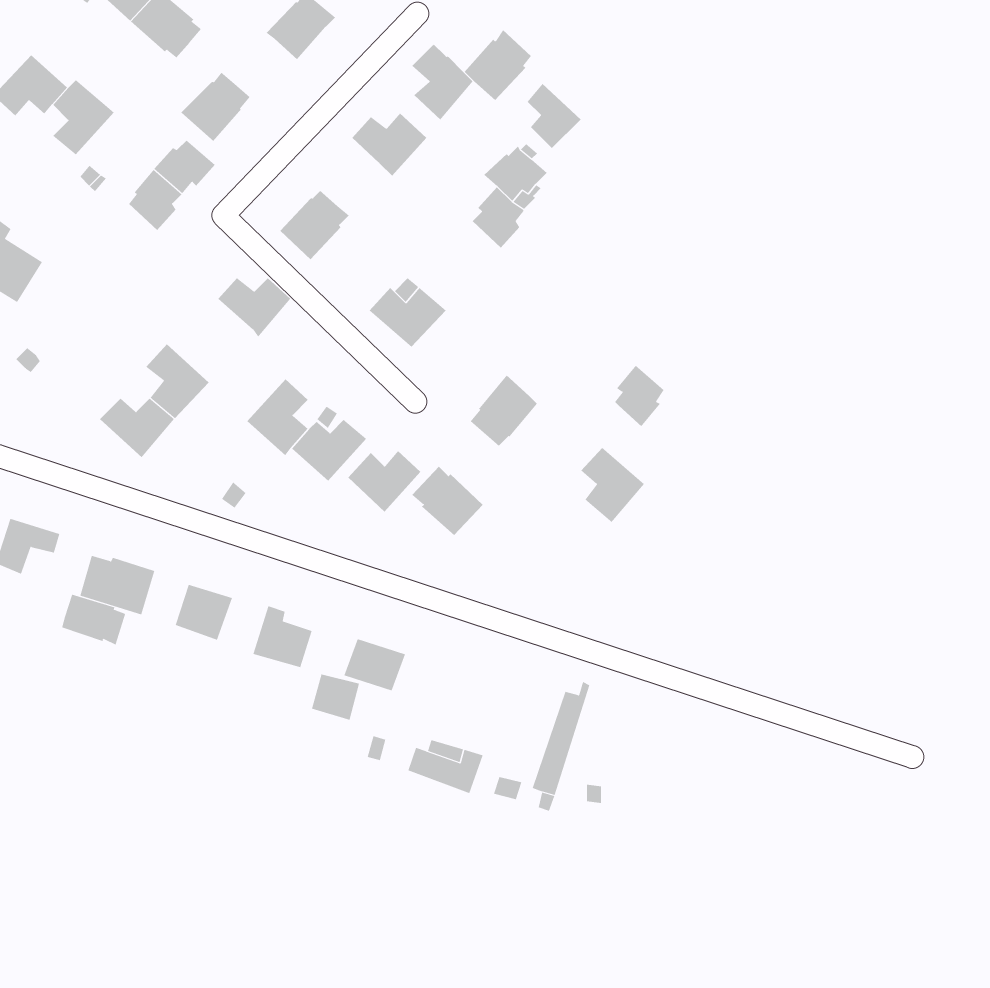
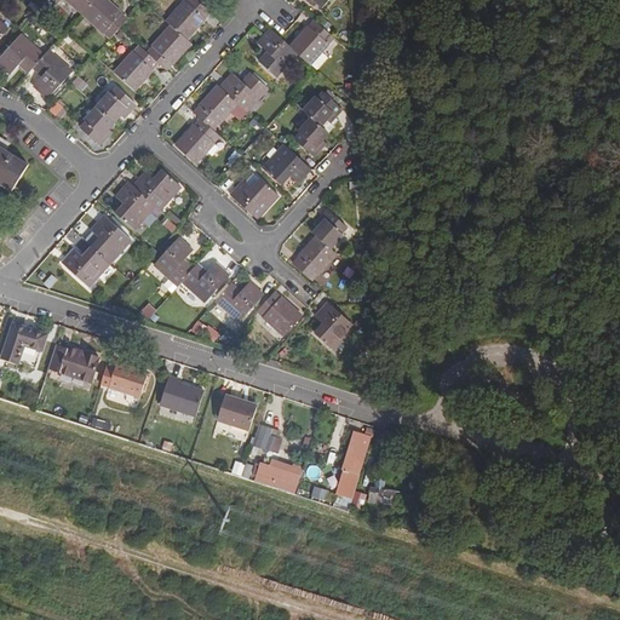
building: none -> [147,24,190,68]
building: [527,83,581,149] -> none
building: none -> [194,84,236,128]
building: none -> [262,143,310,182]
building: none -> [117,183,157,230]
building: [614,365,665,427] -> [314,208,345,247]
building: [581,447,645,523] -> [315,302,355,349]
building: [61,594,126,645] -> none
building: [311,674,360,720] -> [251,423,281,452]

